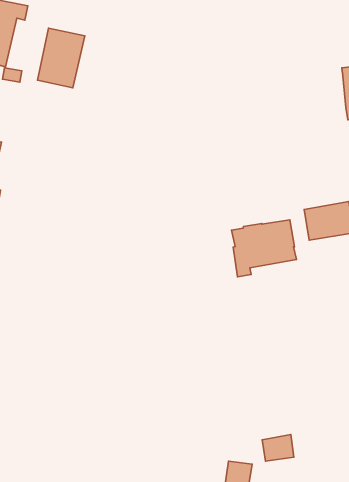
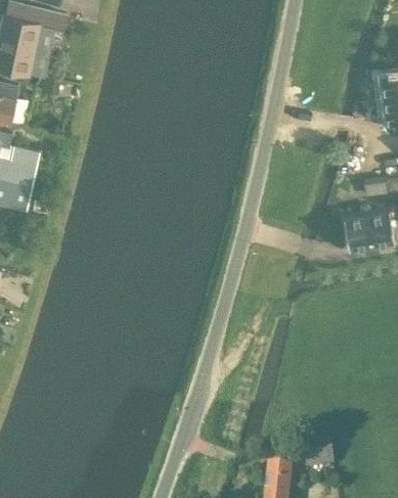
building: [38,28,85,88] -> none
building: [232,220,296,277] -> none

